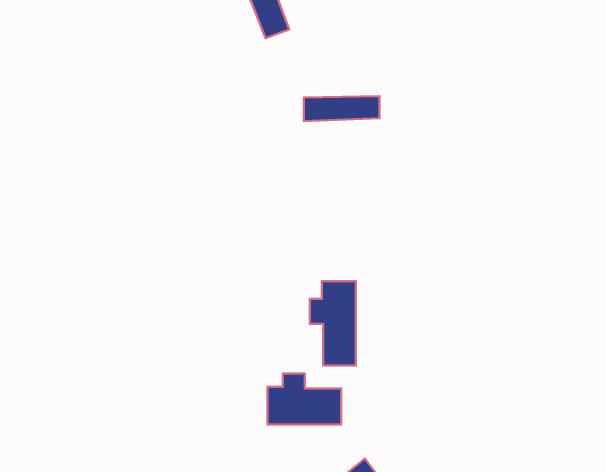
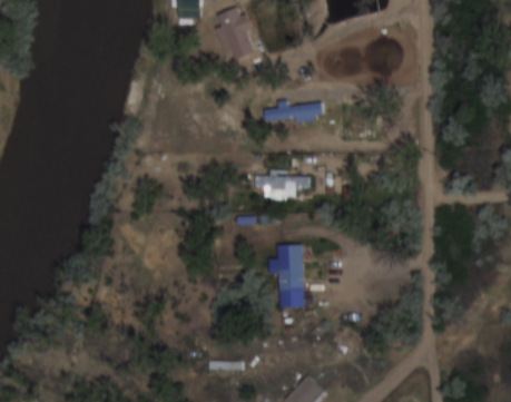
building: none -> [255,174,309,200]
building: [267,374,341,425] -> none

